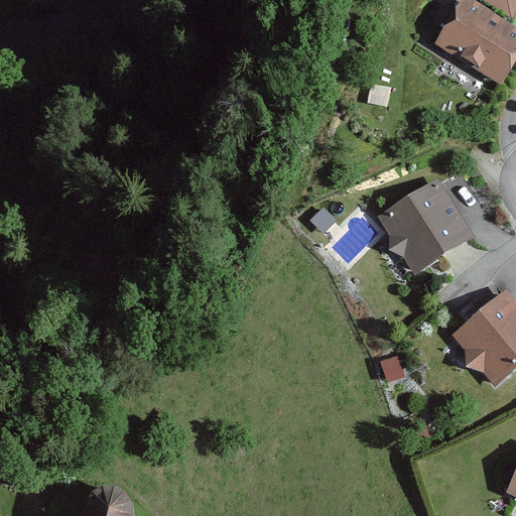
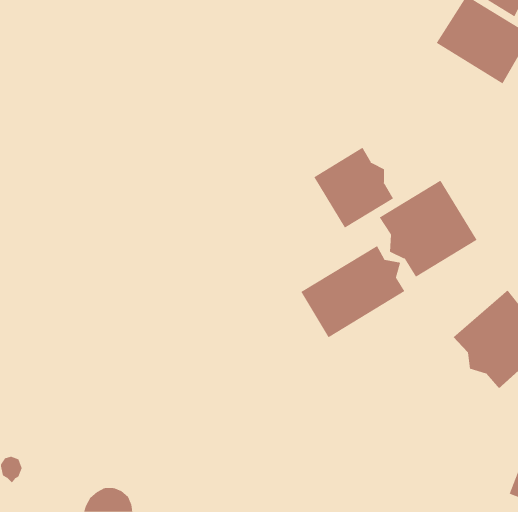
building: none -> [313,147,394,229]
building: none -> [301,245,405,338]

